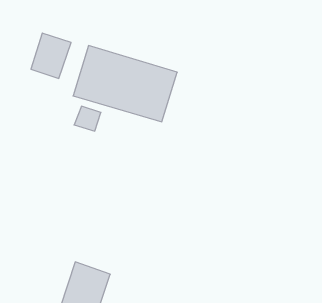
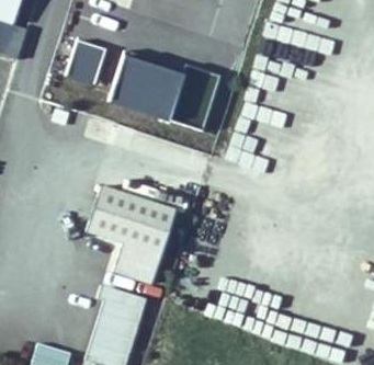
building: none -> [86,181,174,280]

